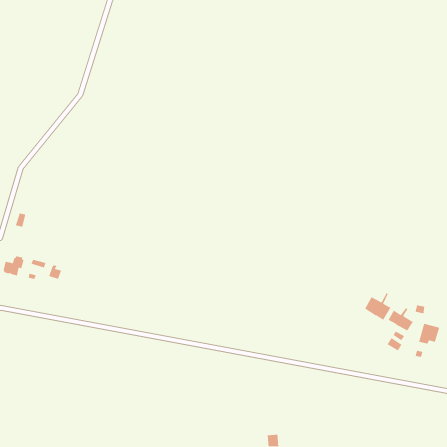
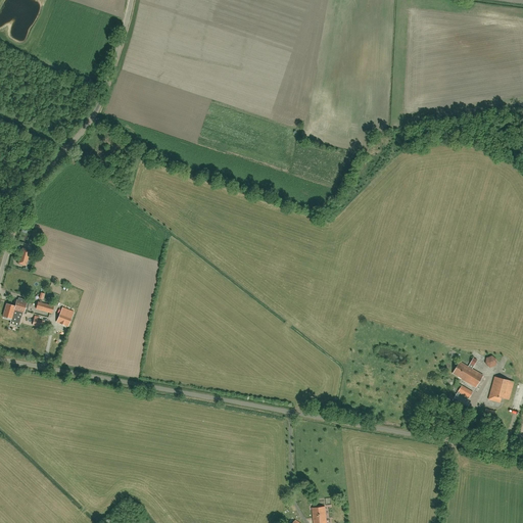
building: [364,292,391,321] -> none

